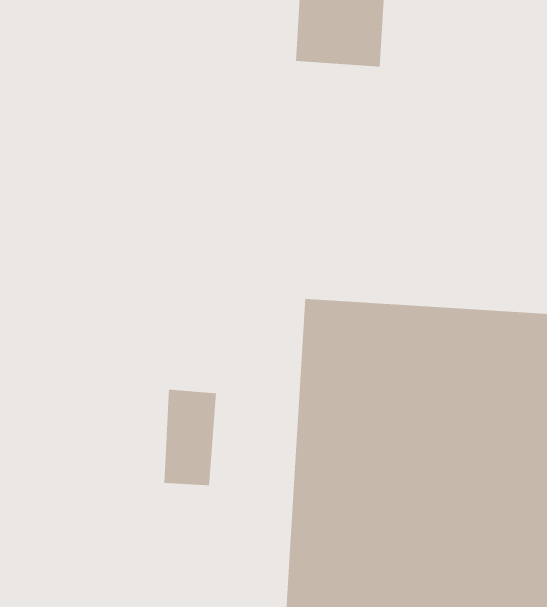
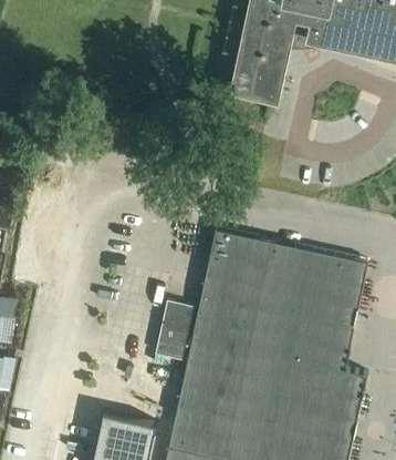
building: [163,389,217,486] -> [155,301,194,361]

